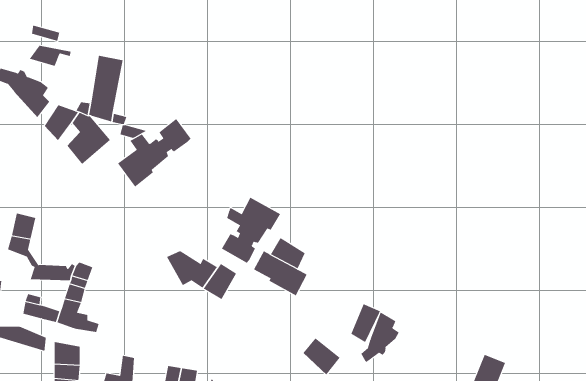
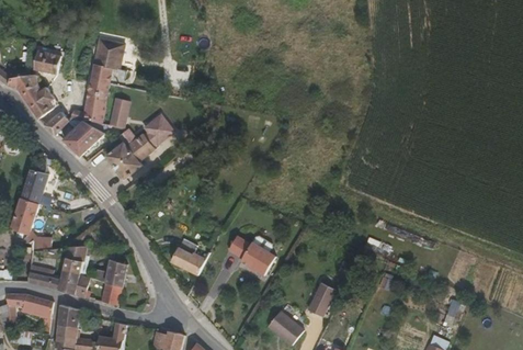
building: none -> [93,32,124,66]
building: none -> [22,170,45,203]
building: [221,197,281,264] -> none
building: [270,237,305,269] -> none
building: none -> [99,259,127,308]
building: [360,312,400,363] -> none

